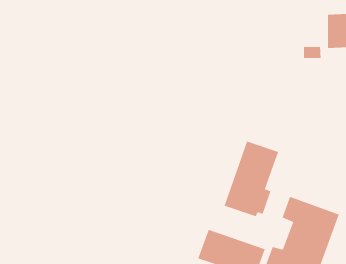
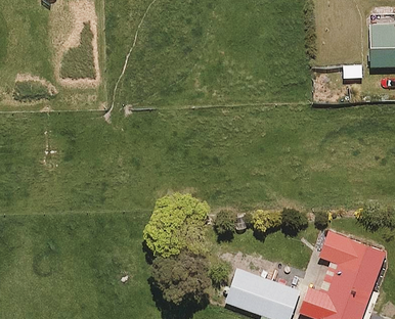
building: [223,141,279,217] -> none

